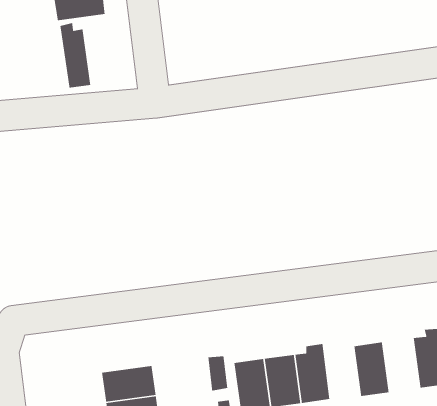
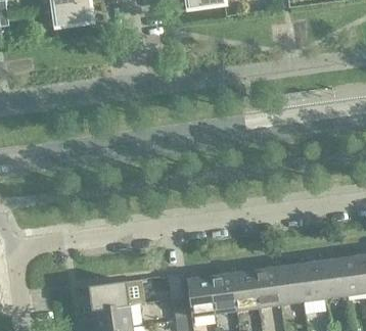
building: [59,22,91,88] -> none
building: none -> [296,262,324,302]
building: none -> [253,265,280,308]

